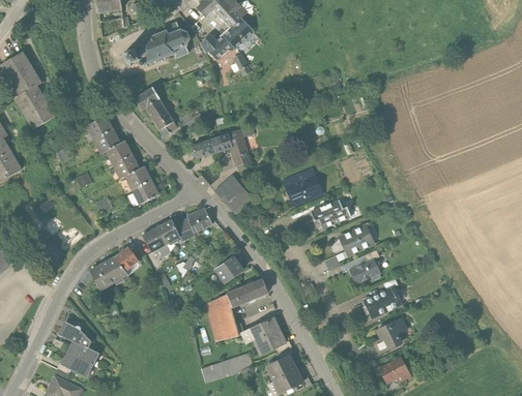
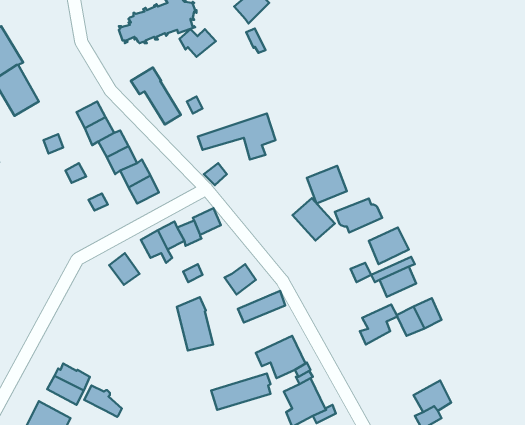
building: [201,36,232,60] -> [179,29,216,57]
building: [215,177,252,213] -> [292,198,335,241]
building: [91,255,128,286] -> none
building: [206,294,237,339] -> [177,297,213,350]
building: [372,317,404,352] -> [360,304,397,345]
building: [60,319,92,346] -> [84,385,122,417]

